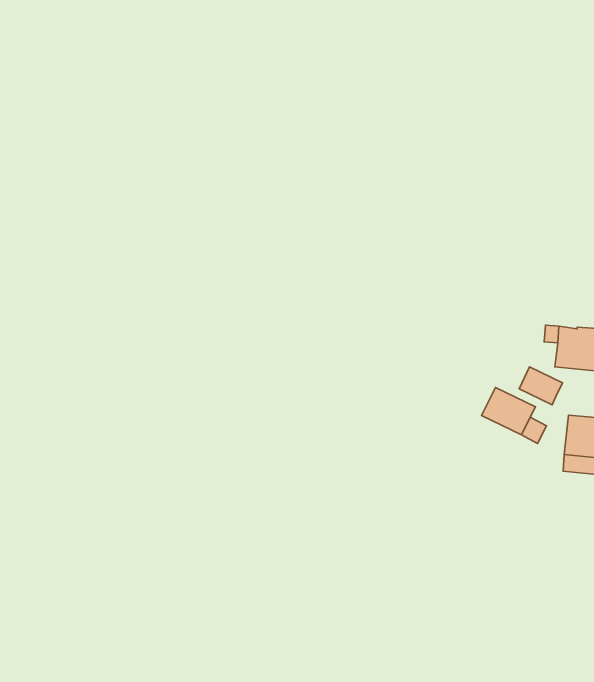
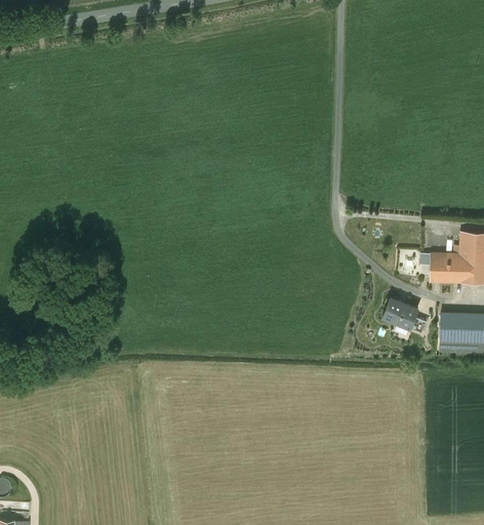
building: [519,367,563,405] -> none

